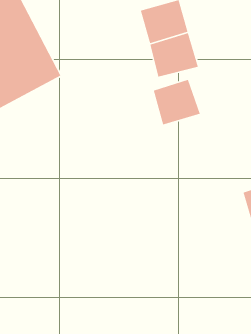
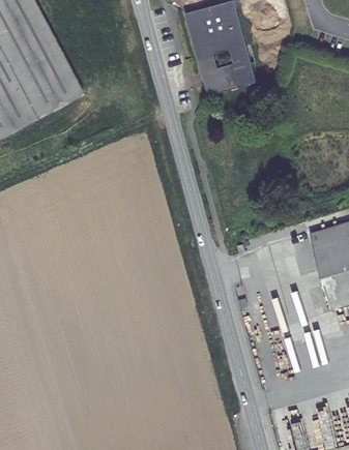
building: [153,79,201,125] -> none

